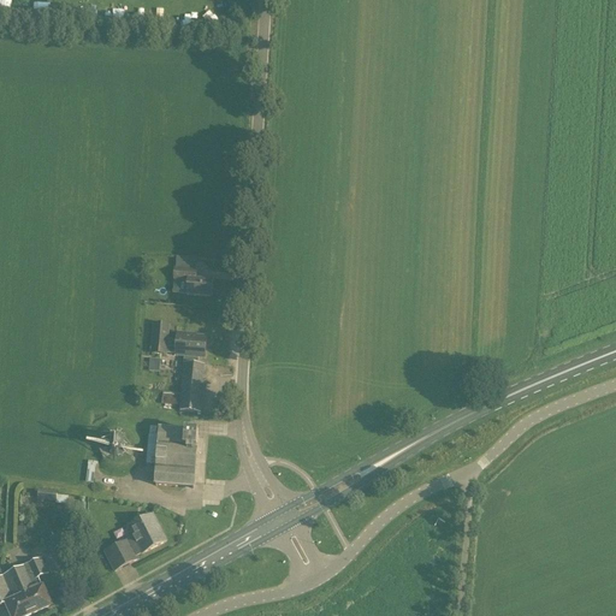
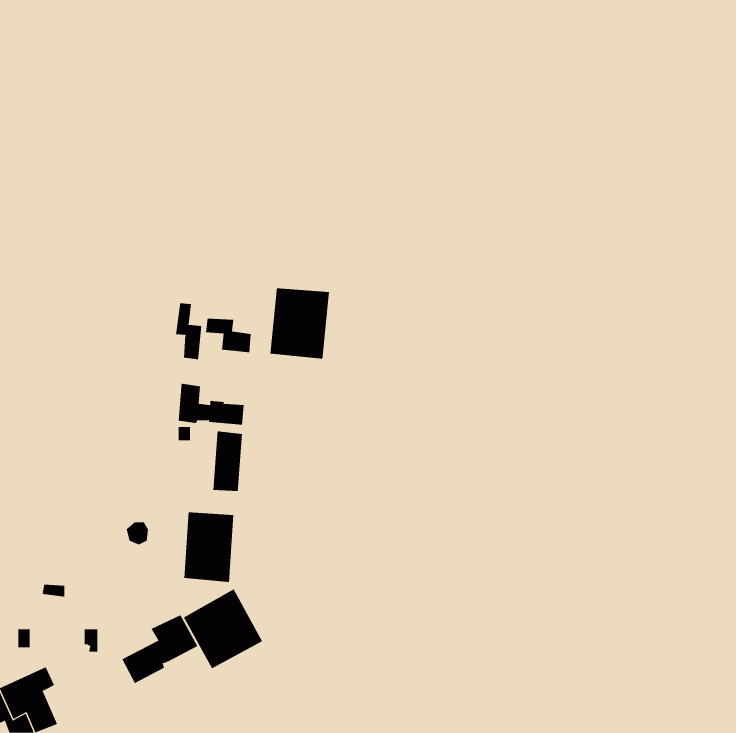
building: none -> [270,288,329,359]
building: none -> [175,302,202,360]
building: none -> [183,588,263,669]

